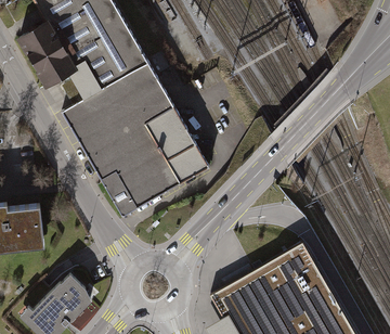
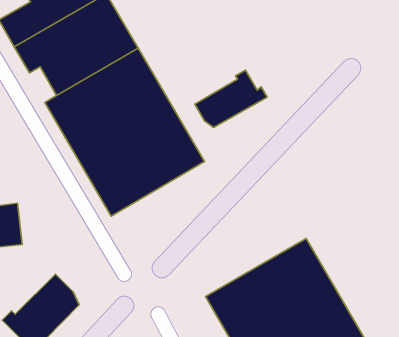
building: none -> [195,70,267,128]

